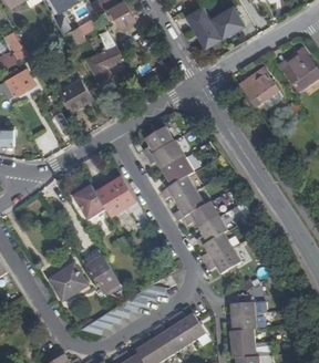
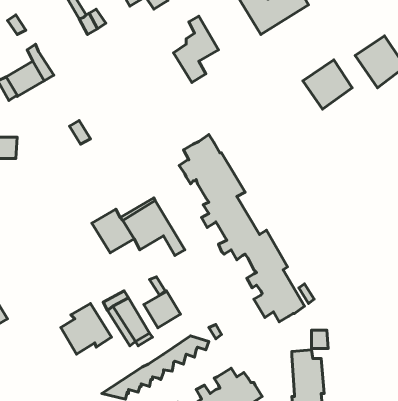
building: [89,34,124,86] -> [174,16,219,82]
building: [58,80,92,112] -> none
building: none -> [144,291,180,328]

